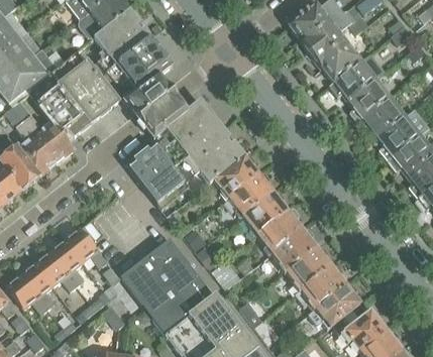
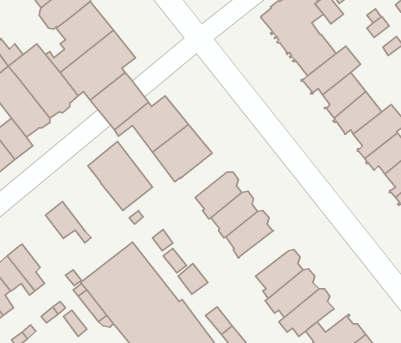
building: [213,155,257,199] -> none
building: [63,229,106,268] -> [46,201,91,243]
building: [270,229,316,274] -> none

